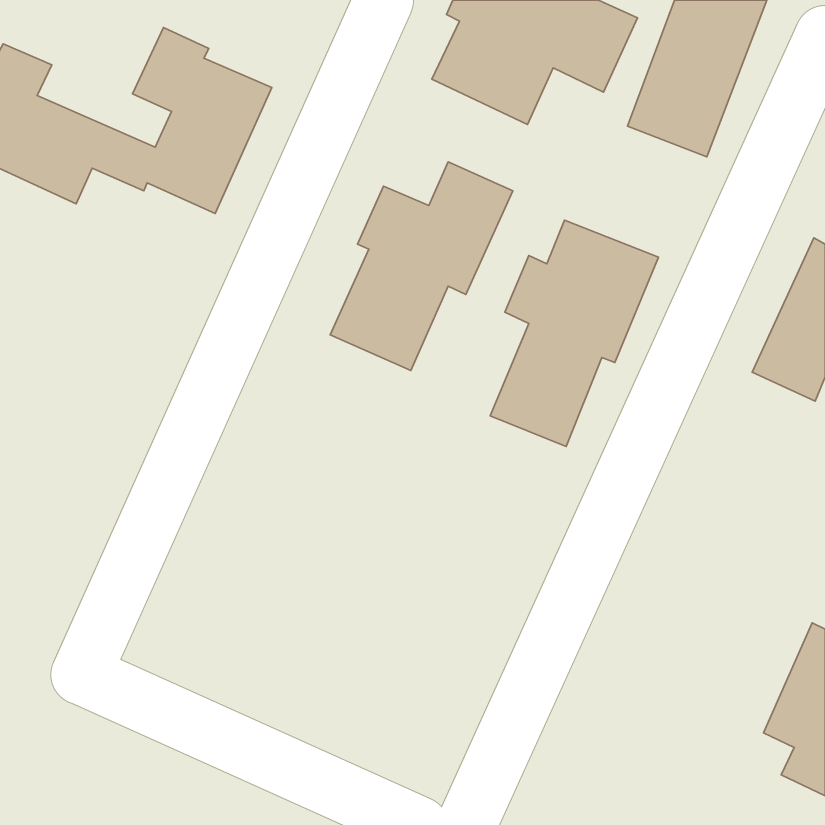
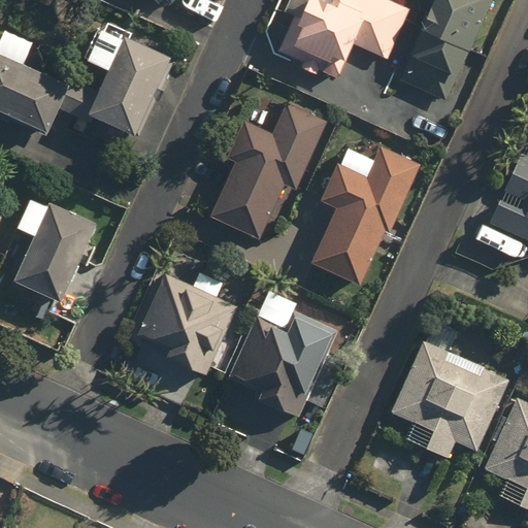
building: none -> [14,195,98,302]
building: none -> [137,269,237,376]
building: none -> [230,308,335,438]
building: none -> [391,322,508,457]

